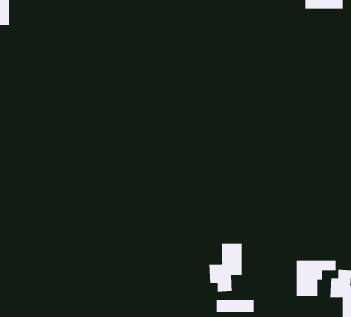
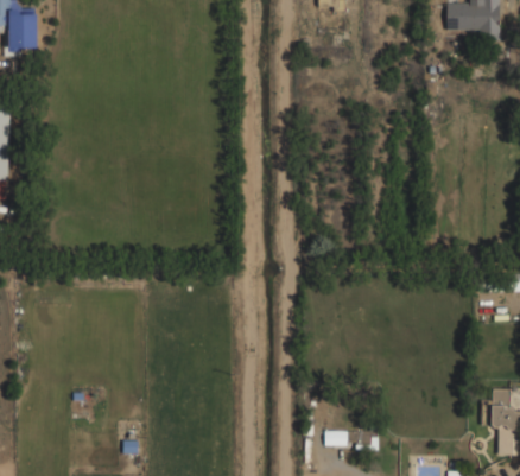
building: [209,243,242,292] -> none
building: [296,260,336,297] -> none

